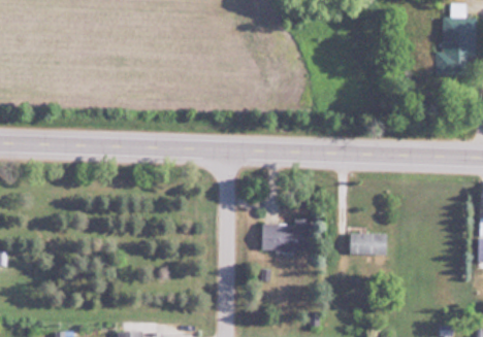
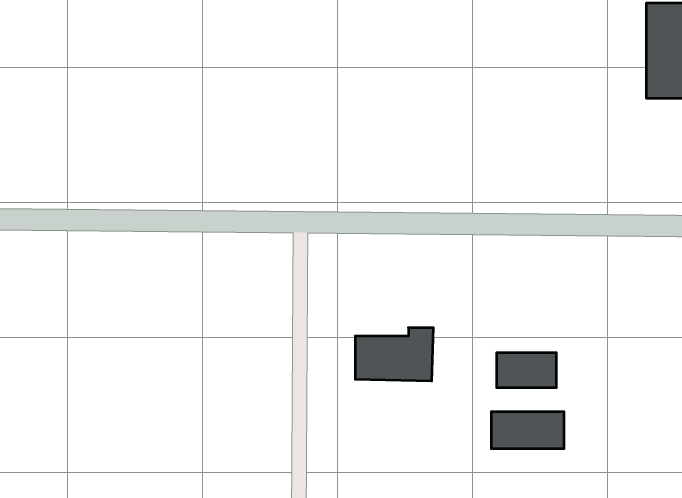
building: none -> [491,412,564,449]

